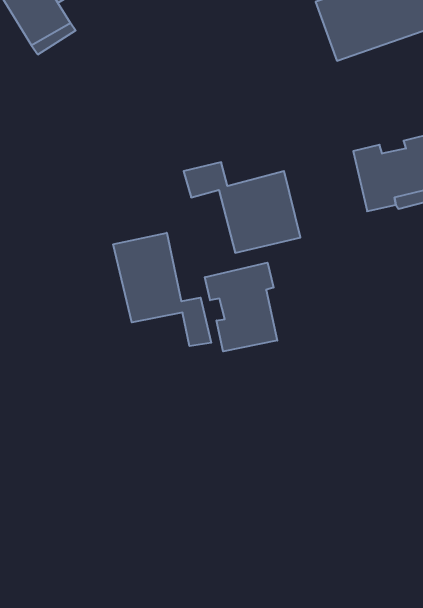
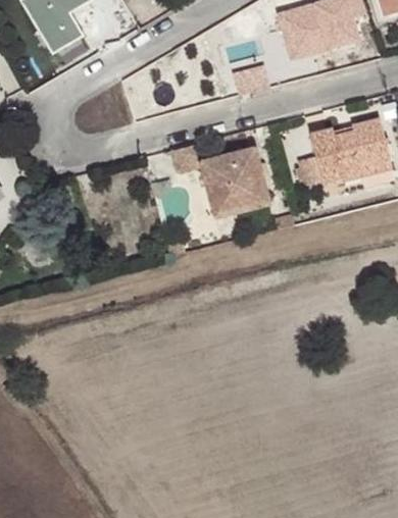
building: [113,233,211,346] -> none
building: [205,263,277,351] -> none

